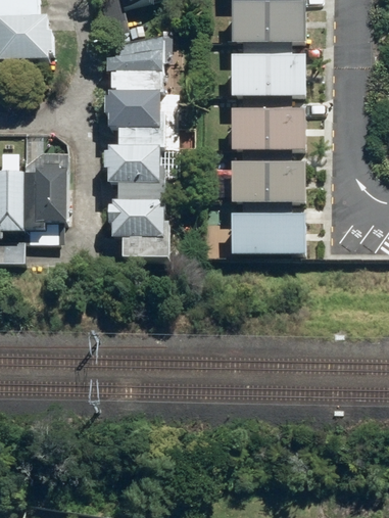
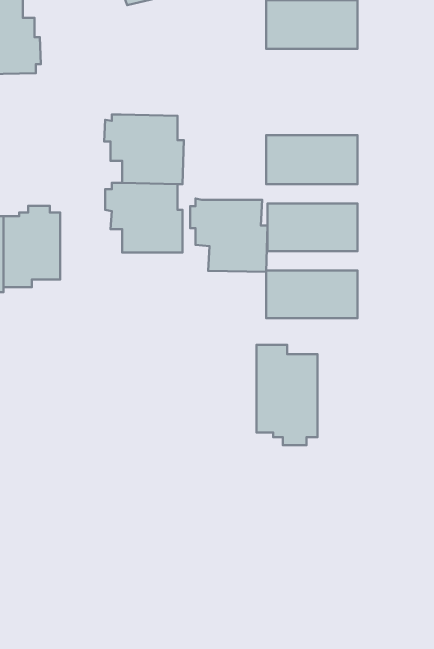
building: [106,50,164,92] -> none
building: [232,54,304,93] -> none
building: [108,199,169,257] -> [190,199,267,272]
building: none -> [257,345,318,445]

